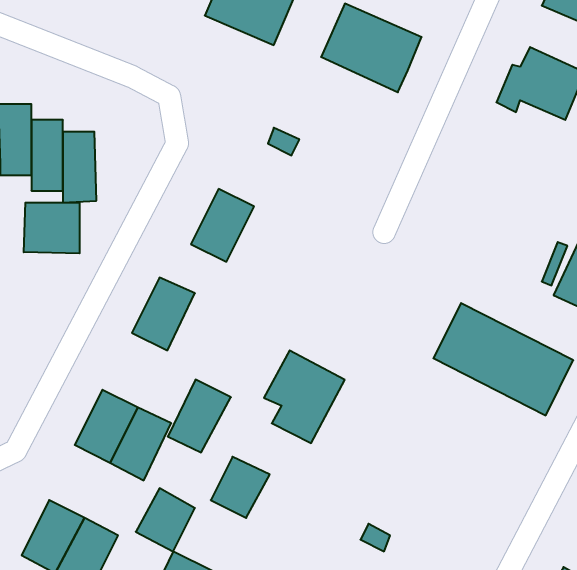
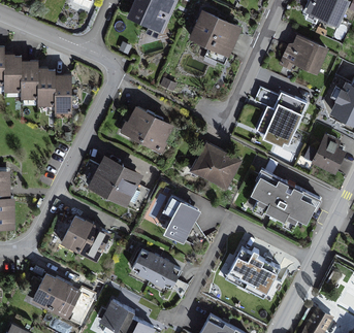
building: none -> [256,91,307,144]
building: [24,203,80,253] -> none
building: none -> [139,118,172,156]
building: none -> [191,141,242,189]
building: [168,380,231,452] -> [108,163,141,201]
building: none -> [228,246,281,292]
building: [136,488,195,551] -> [150,258,181,291]

